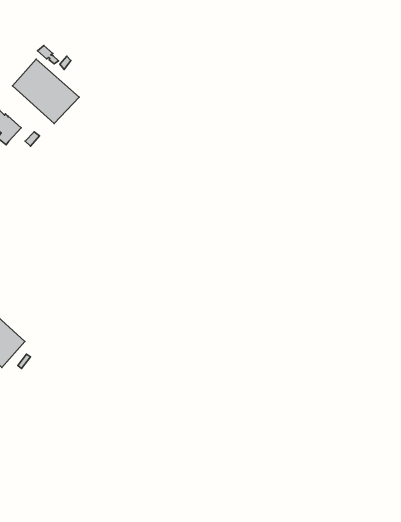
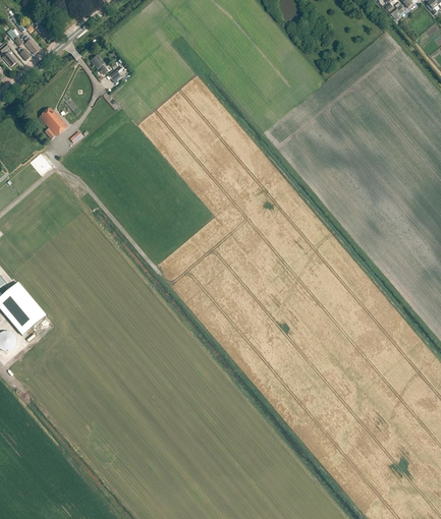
building: [12,59,79,124] -> none

